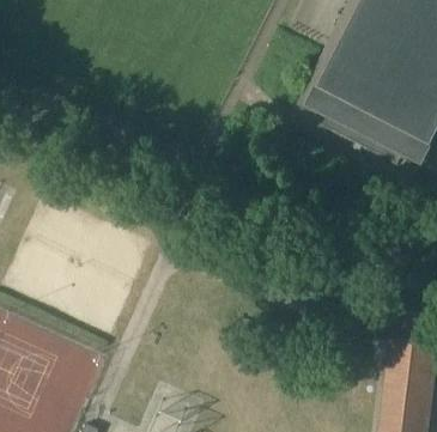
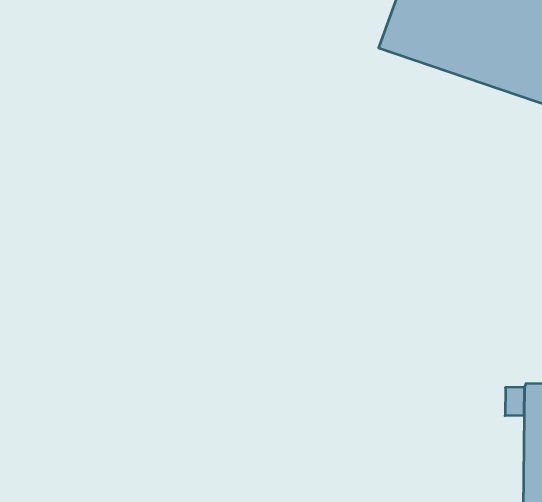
building: [312,96,409,160] -> none

